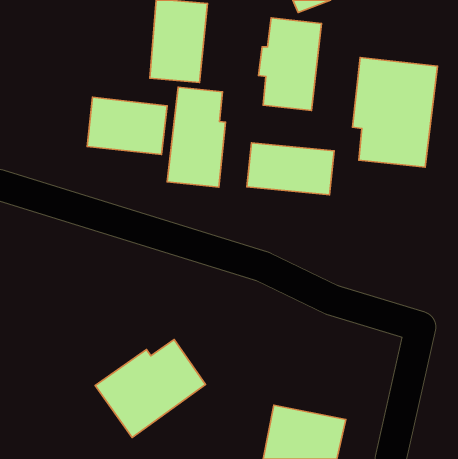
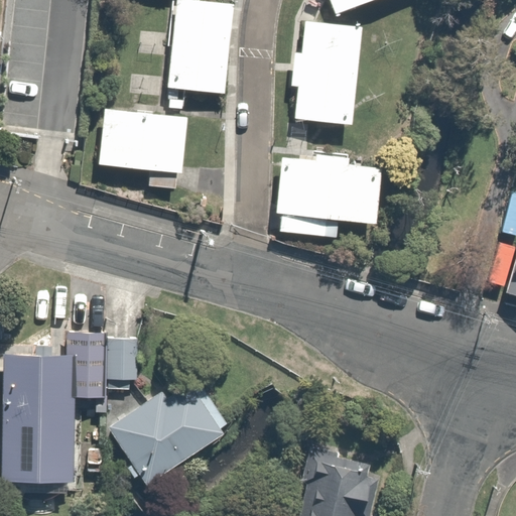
building: [353,58,438,167] -> none
building: [167,87,226,187] -> none
building: none -> [4,329,144,481]

